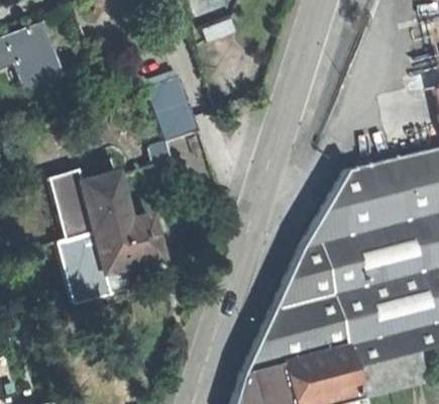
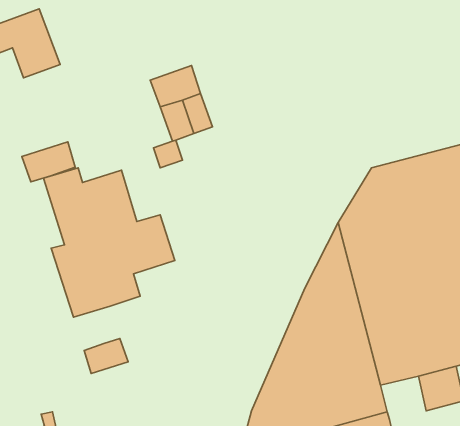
building: none -> [22,142,75,182]
building: none -> [84,339,128,374]
building: [352,358,394,397] -> none

